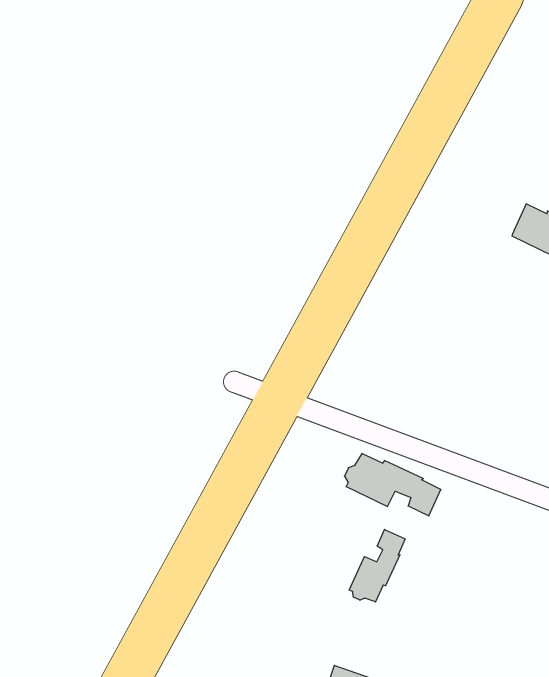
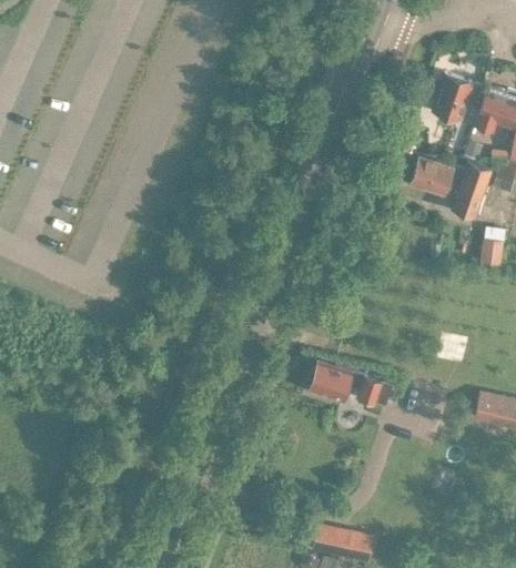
building: [349,529,405,602] -> none

